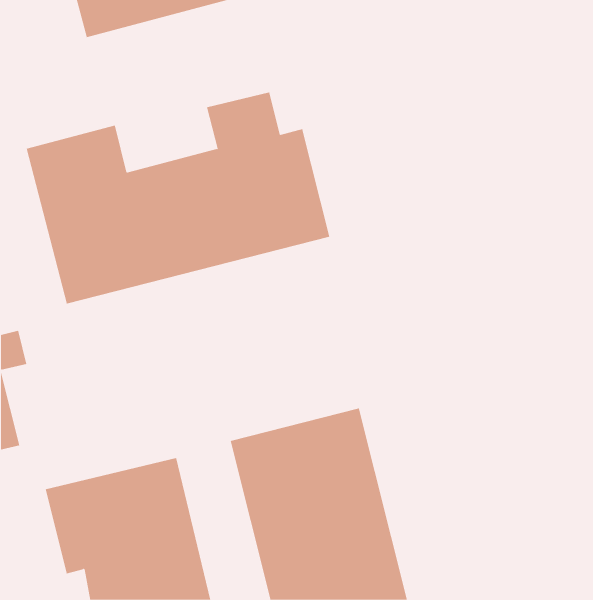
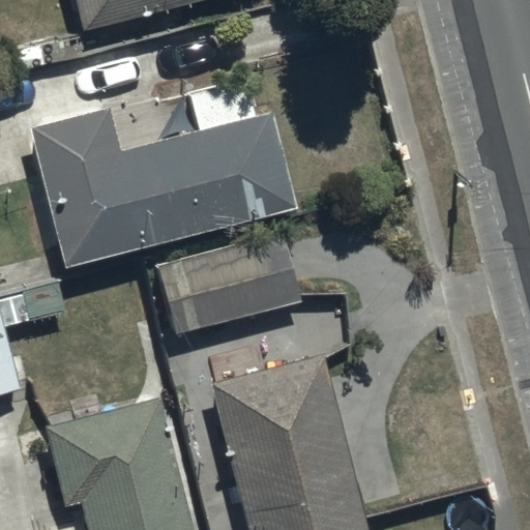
building: none -> [157,231,304,337]

